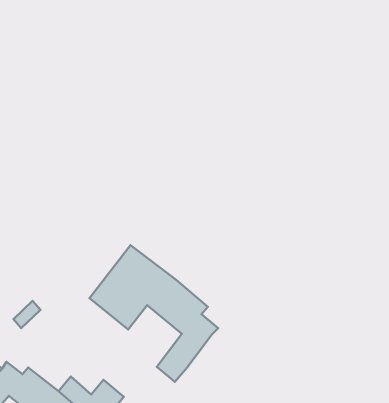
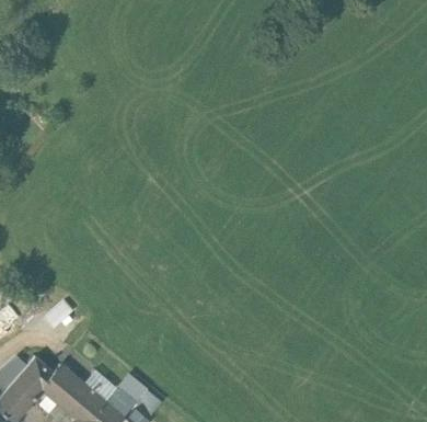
building: [90,245,218,382] -> none

